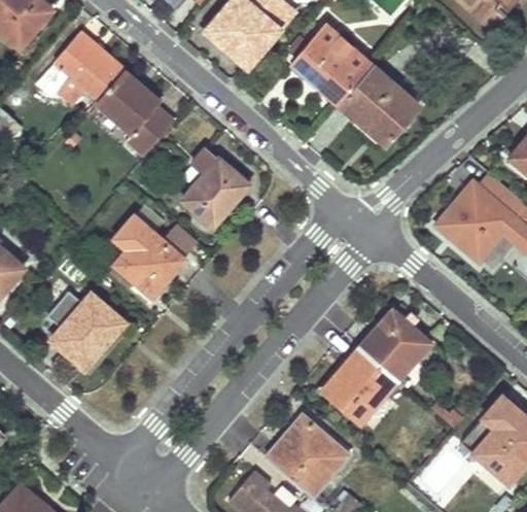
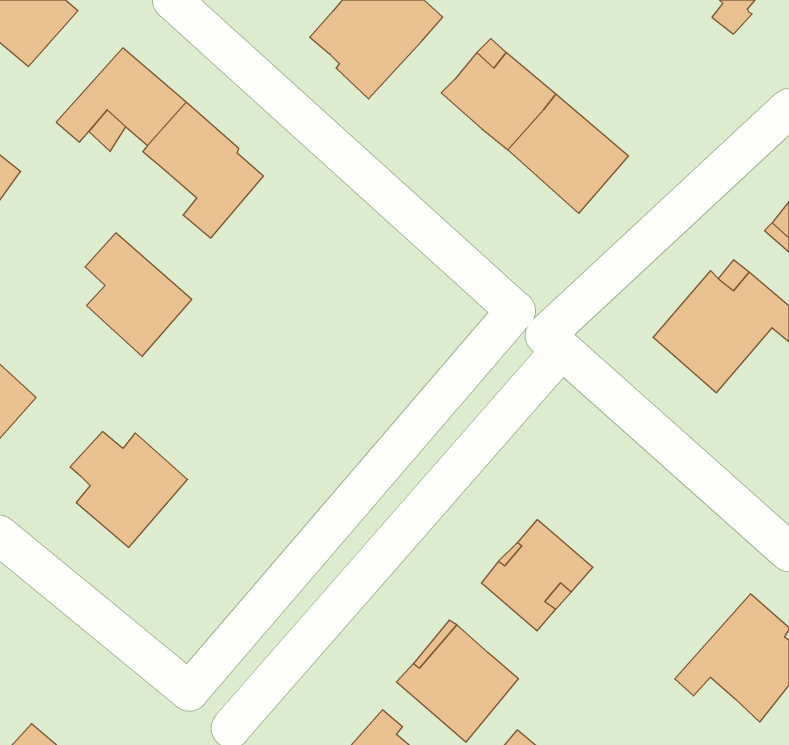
building: [183,145,251,226] -> none
building: [114,214,185,297] -> [85,233,192,357]
building: [358,310,427,380] -> none

